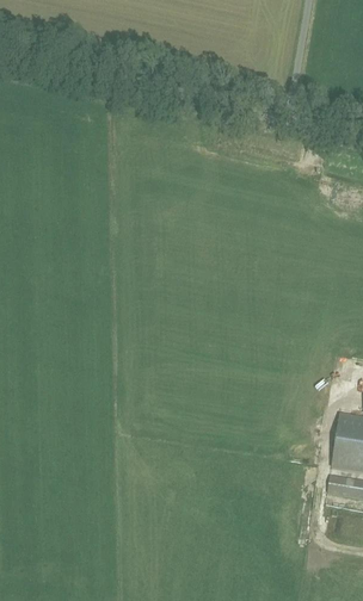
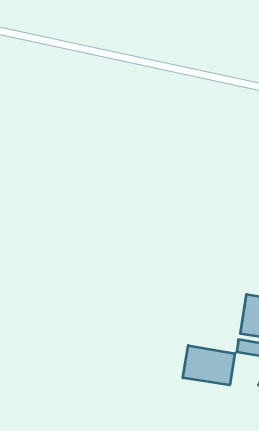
building: none -> [183,345,235,385]

